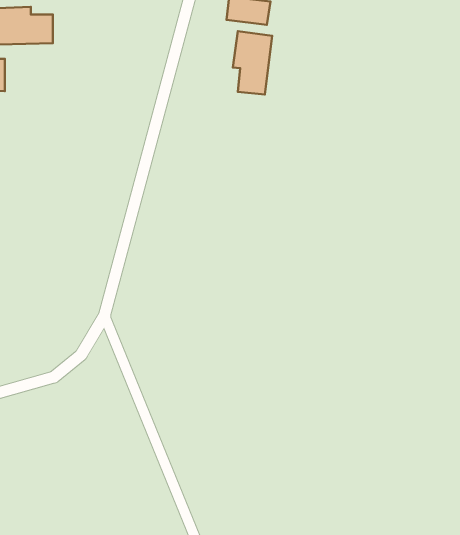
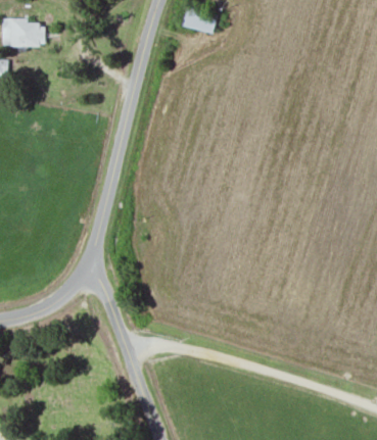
building: [233,31,272,95] -> none

